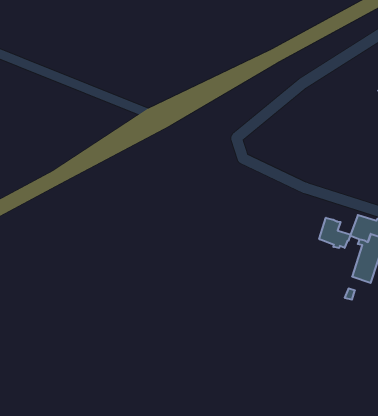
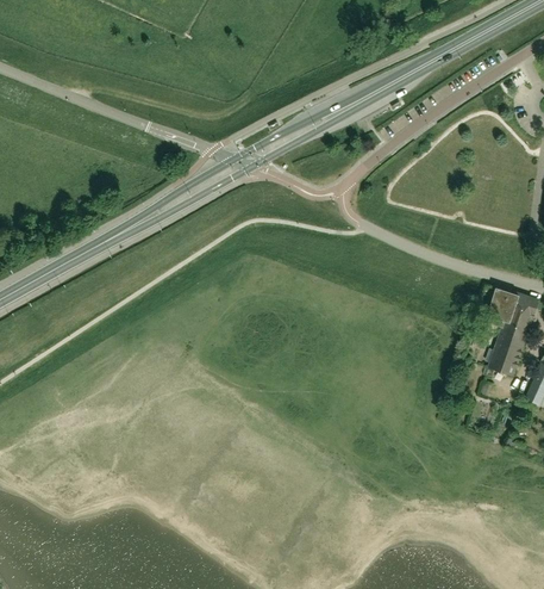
building: [319,218,351,248] -> none

